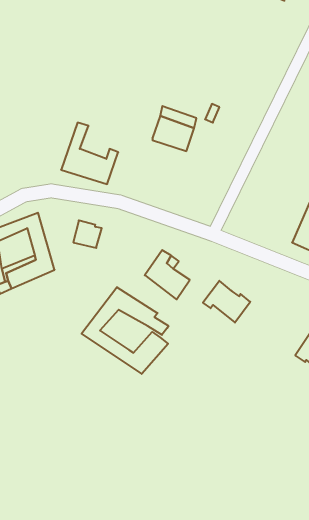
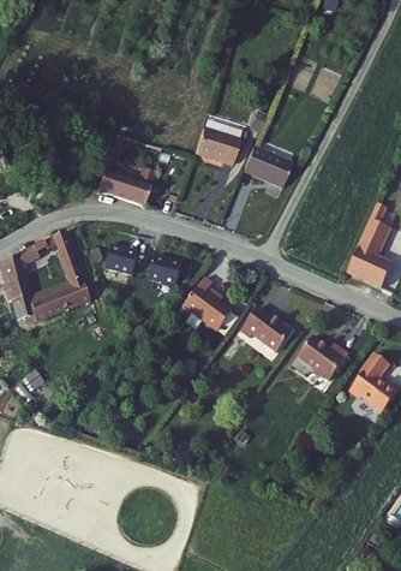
building: none -> [243,150,294,190]
building: none -> [150,252,182,285]
building: [82,287,168,374] -> none
building: none -> [295,339,353,385]

